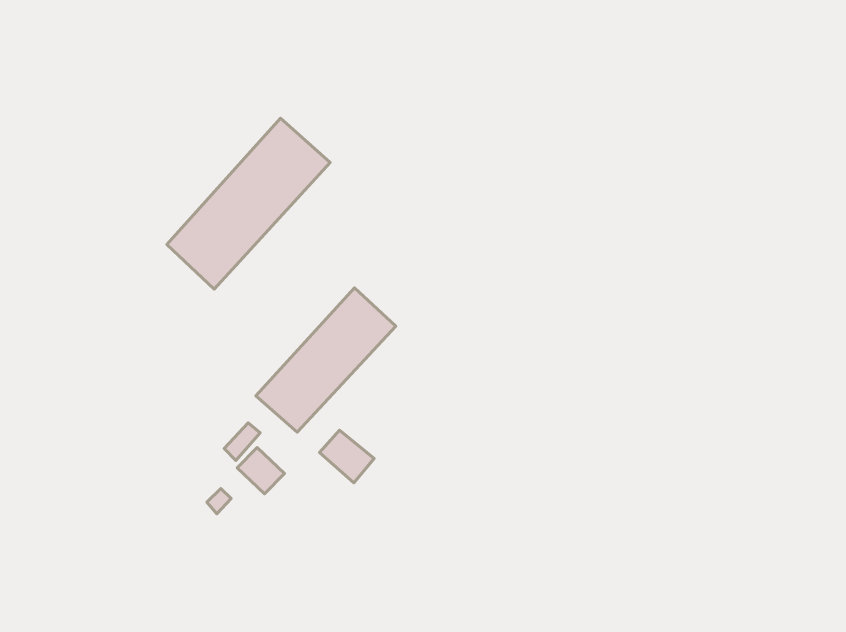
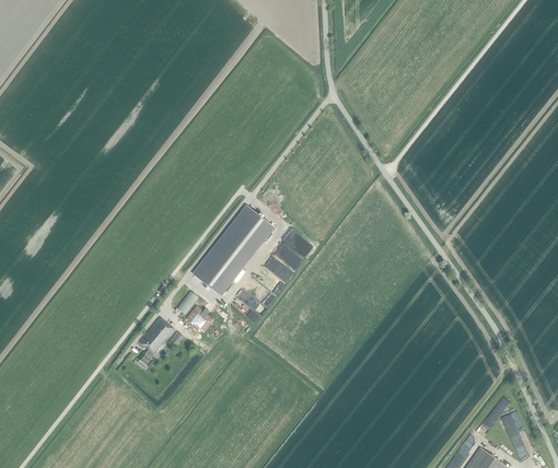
building: [167,118,330,289] -> none
building: none -> [137,316,174,366]

